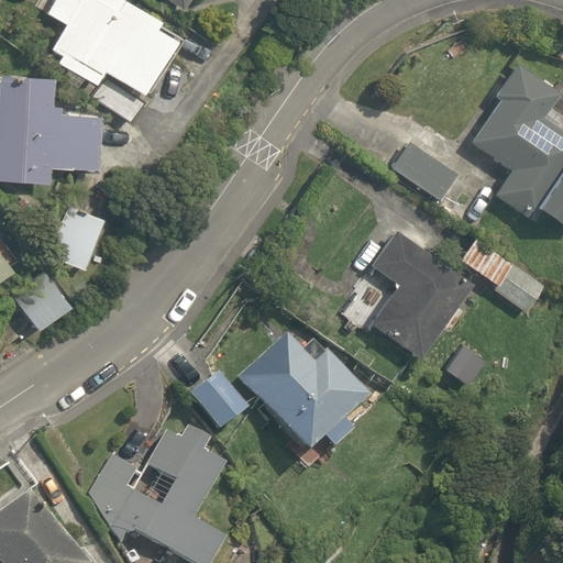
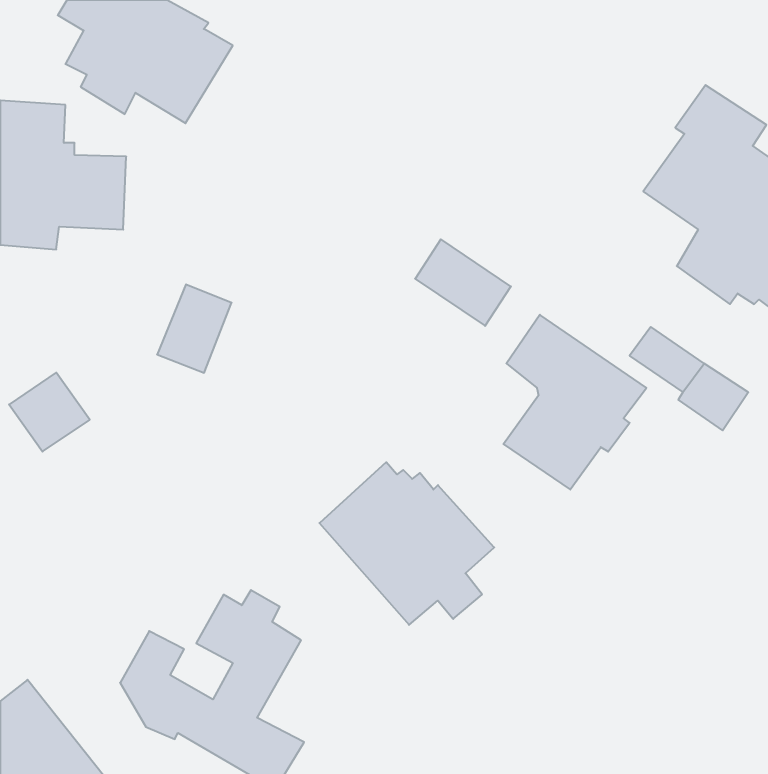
building: [393,141,462,203] -> [415,239,511,326]
building: [52,207,106,271] -> [157,284,232,373]
building: [190,376,250,432] -> none

